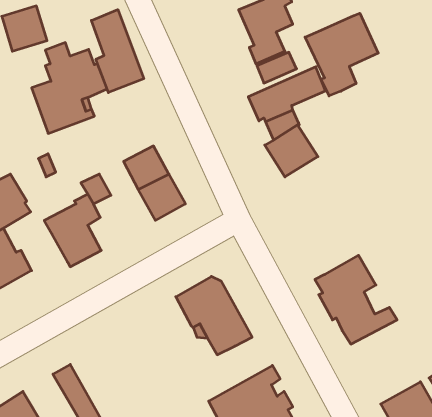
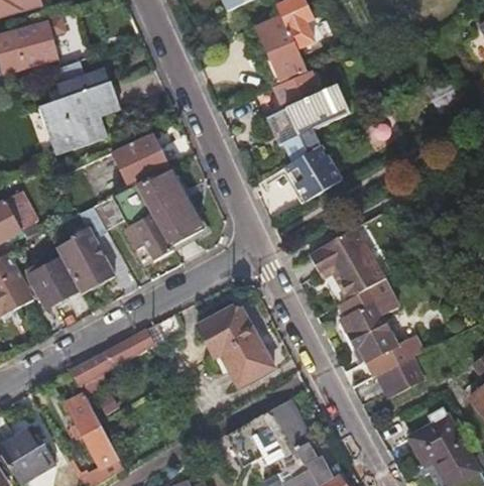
building: [91,10,144,93] -> none
building: [305,13,378,96] -> none
building: none -> [112,133,168,188]
building: none -> [124,213,172,260]
building: none -> [307,230,382,301]
building: none -> [30,259,79,306]
building: none -> [70,325,162,388]
building: none -> [374,349,432,400]

